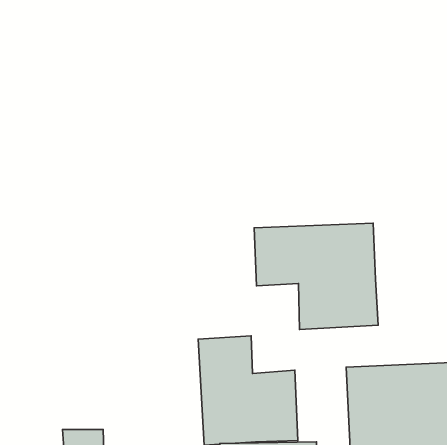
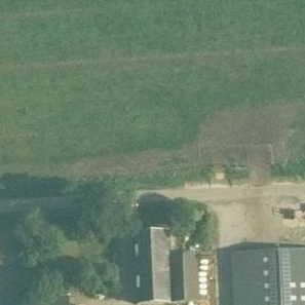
building: [254,223,378,329] -> none

